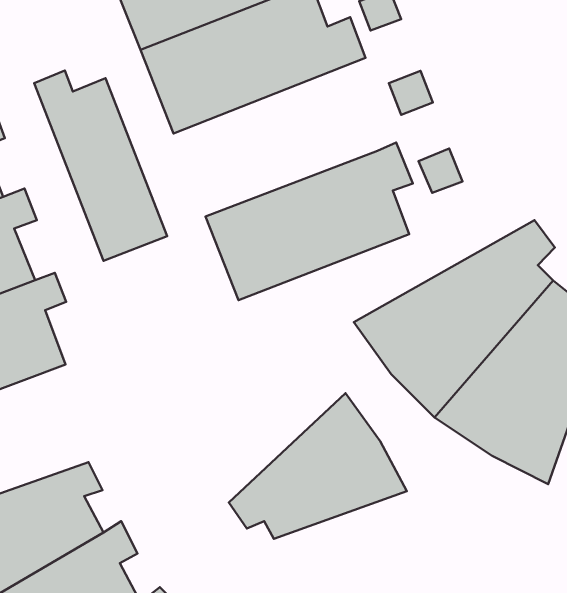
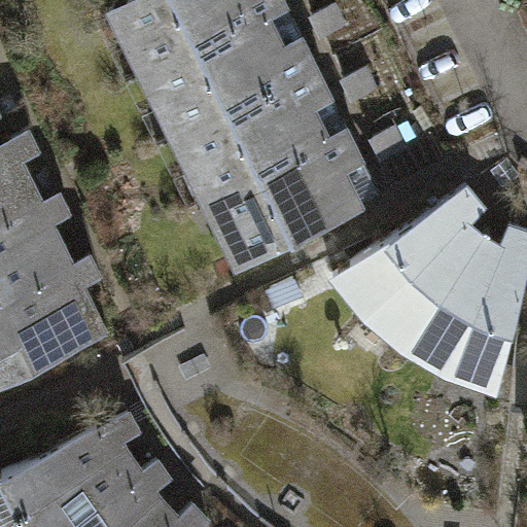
building: none -> [170,67,337,207]
building: [34,70,167,261] -> none
building: [229,393,407,539] -> none

